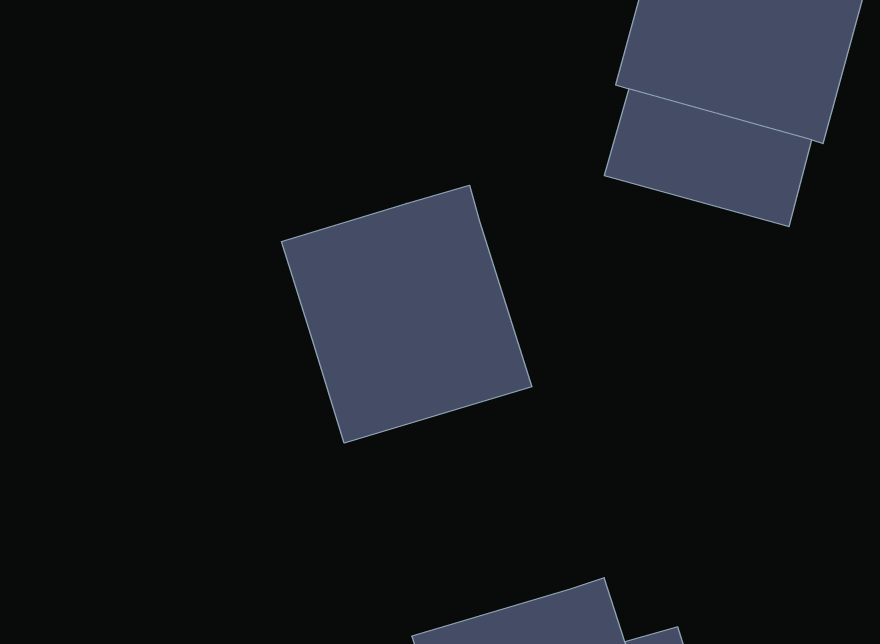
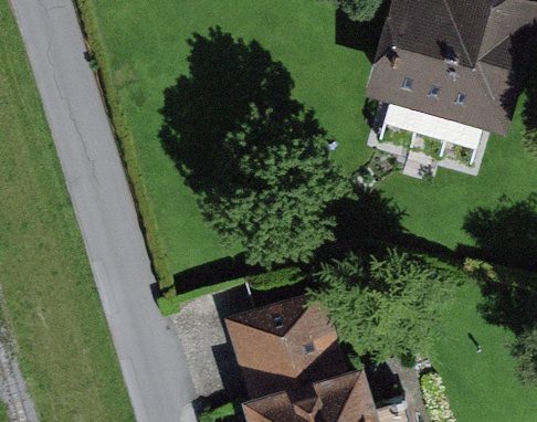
building: [282,185,532,443] -> none
building: none -> [229,291,346,400]

